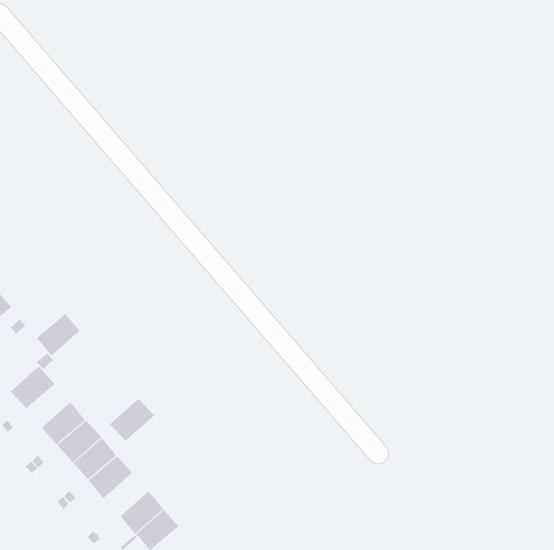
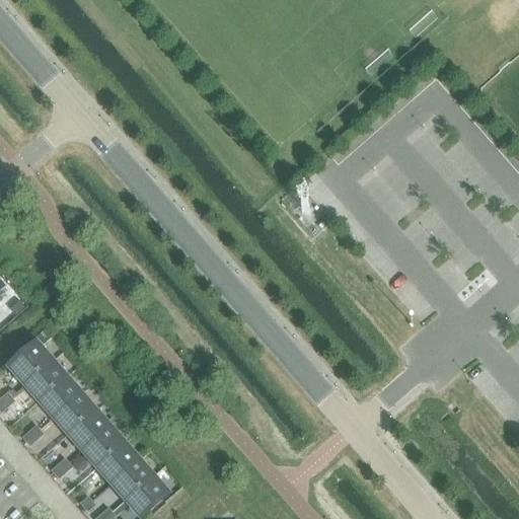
building: [36,313,81,357] -> [24,359,66,399]
building: [109,398,155,441] -> [96,442,139,483]

